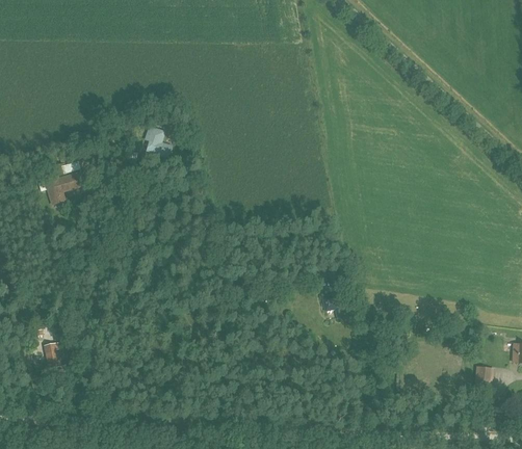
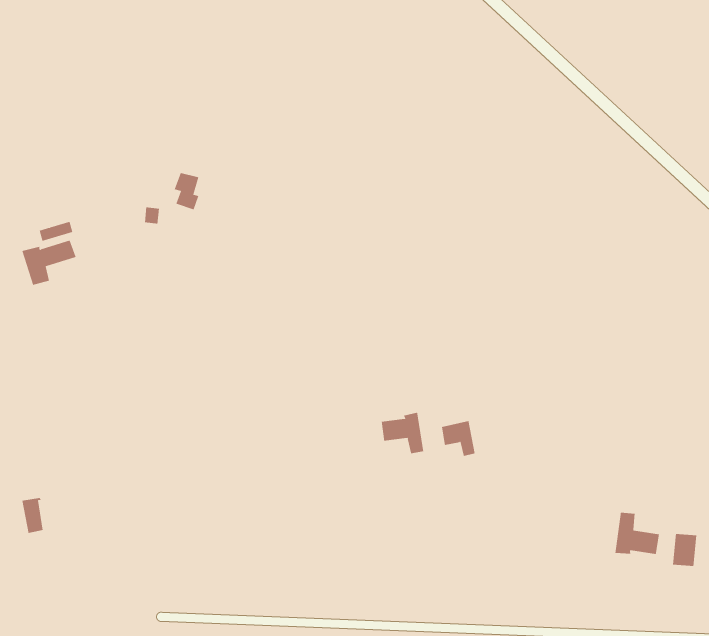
building: none -> [381,412,424,454]
building: none -> [615,512,660,555]

